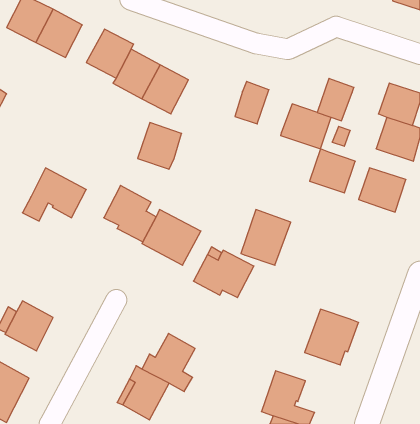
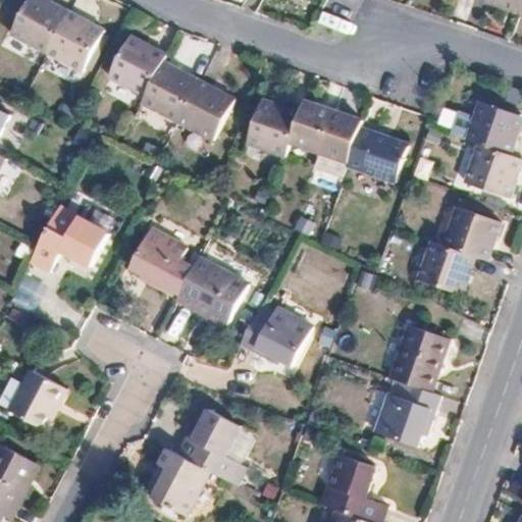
building: [317,78,354,121] -> [316,110,361,162]
building: [138,123,182,169] -> [244,99,298,156]
building: [310,149,355,193] -> [417,241,473,295]
building: [241,210,291,265] -> [388,323,450,392]

